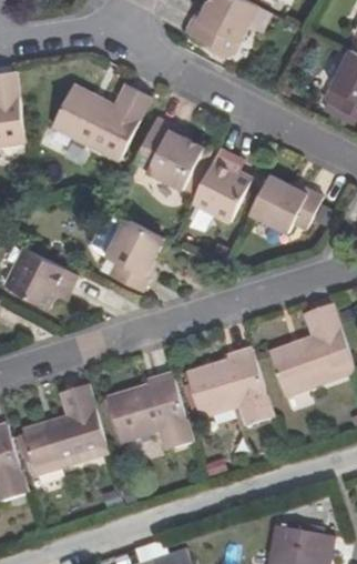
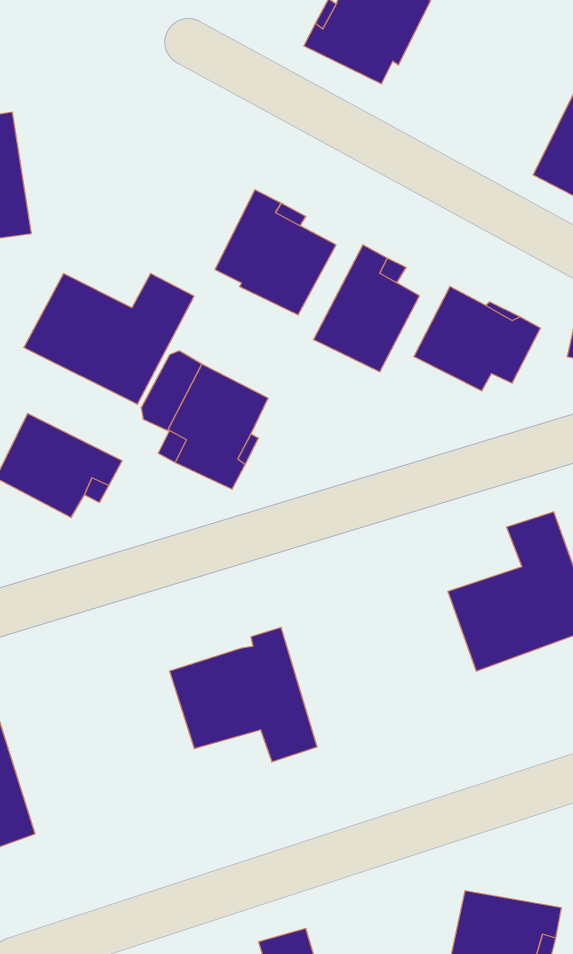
building: [51,83,151,160] -> [24,274,194,404]
building: [185,348,272,426] -> none
building: [22,384,108,476] -> none

